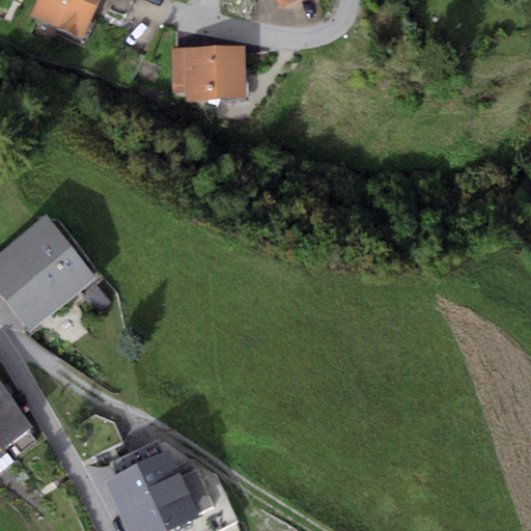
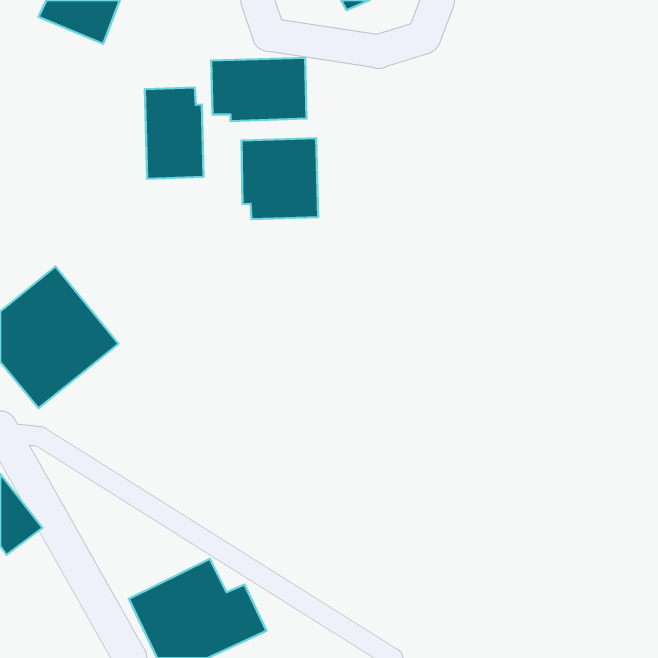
building: none -> [145,88,203,179]
building: none -> [241,138,318,219]

